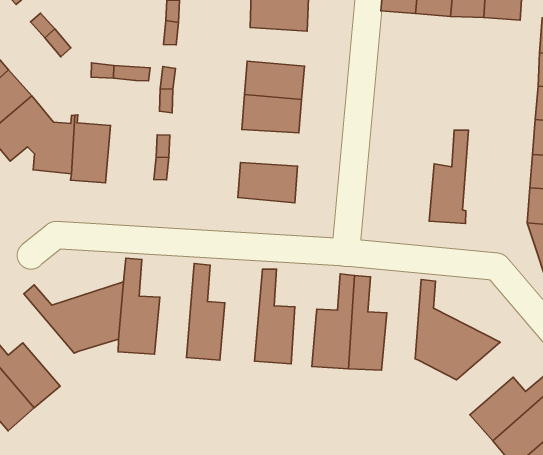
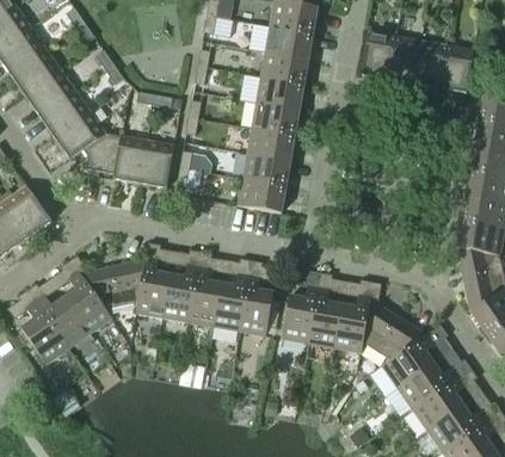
building: none -> [257,78,304,111]
building: none -> [140,141,174,189]
building: none -> [244,154,290,186]
building: [429,130,469,224] -> [334,280,371,352]
building: none -> [164,249,201,322]
building: none -> [213,259,252,331]
building: none -> [61,261,112,334]
building: none -> [382,325,448,388]

